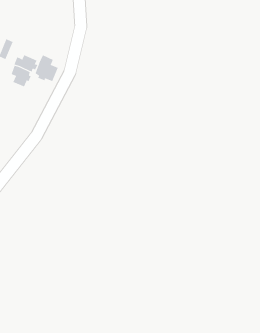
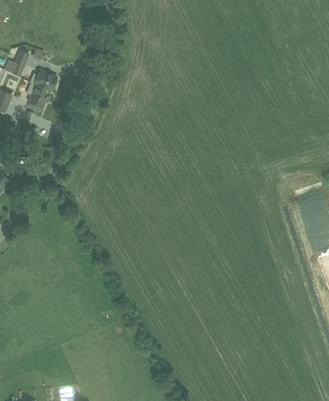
building: [35,54,58,82] -> none

